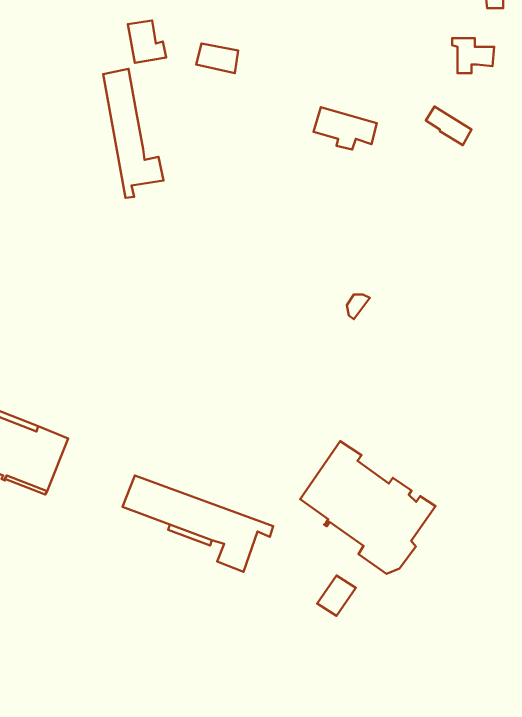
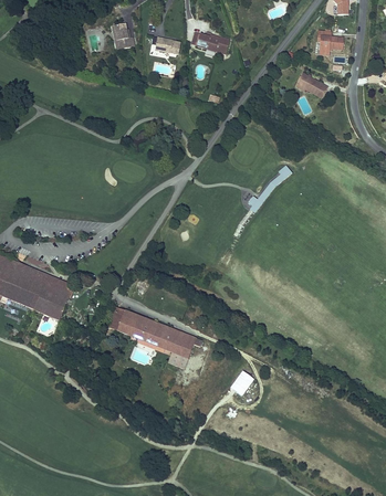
building: [103,69,164,198] -> none
building: [314,107,377,149] -> [190,27,230,53]
building: [300,441,435,574] -> none

